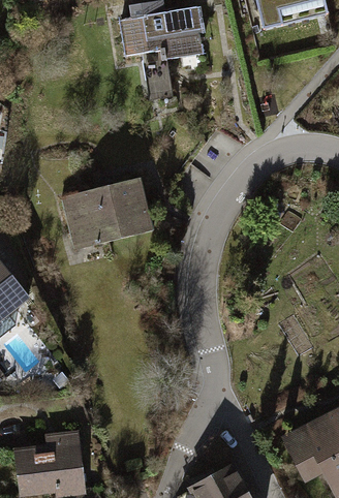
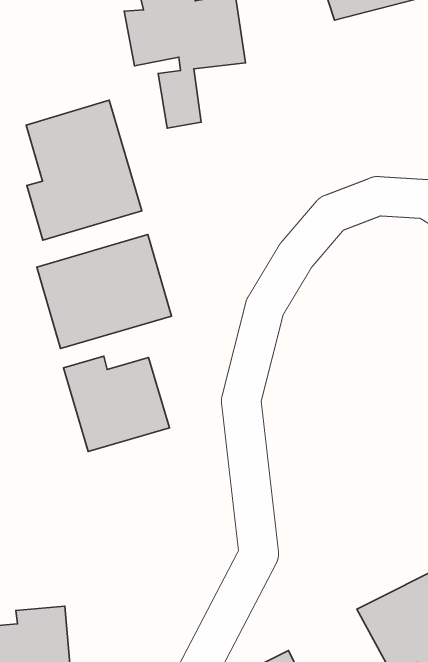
building: none -> [26,100,142,240]
building: none -> [64,356,170,452]

